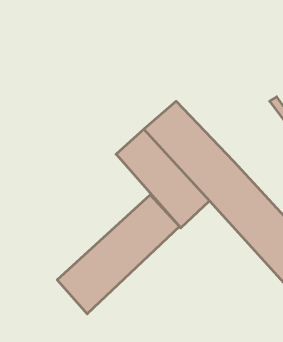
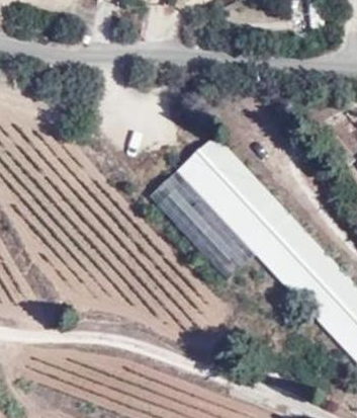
building: [57,195,180,314] -> none

